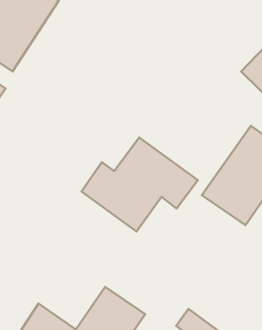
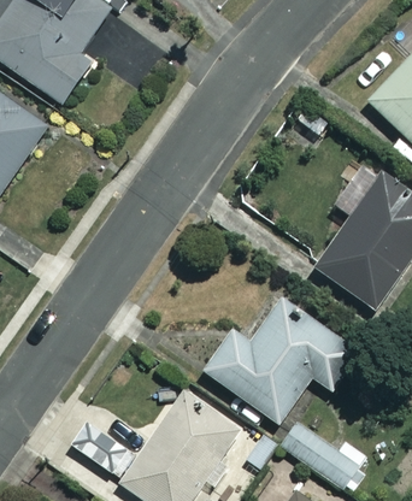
building: [81,137,198,232] -> [204,296,361,424]

